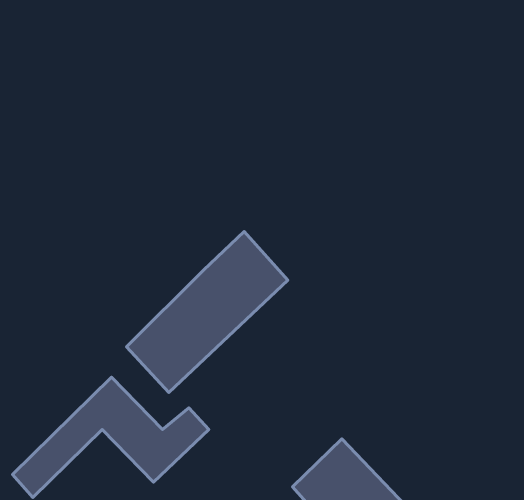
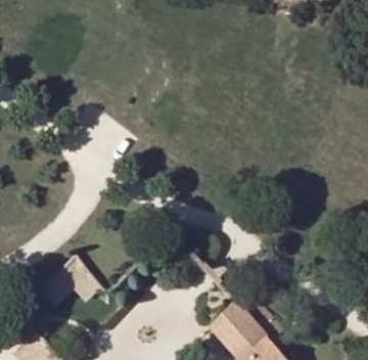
building: [127,232,288,392] -> none

